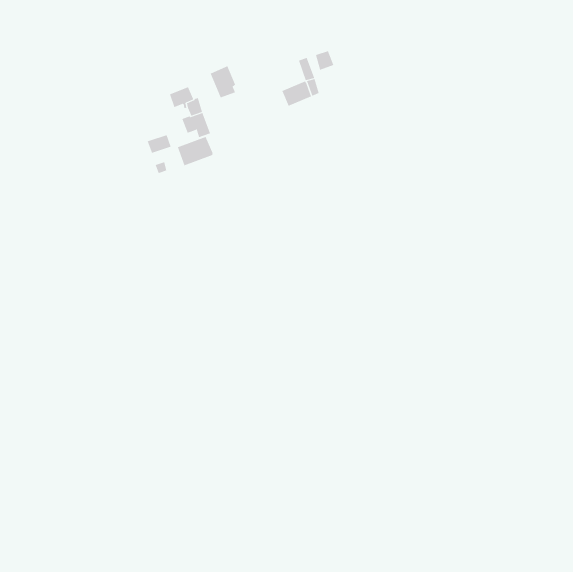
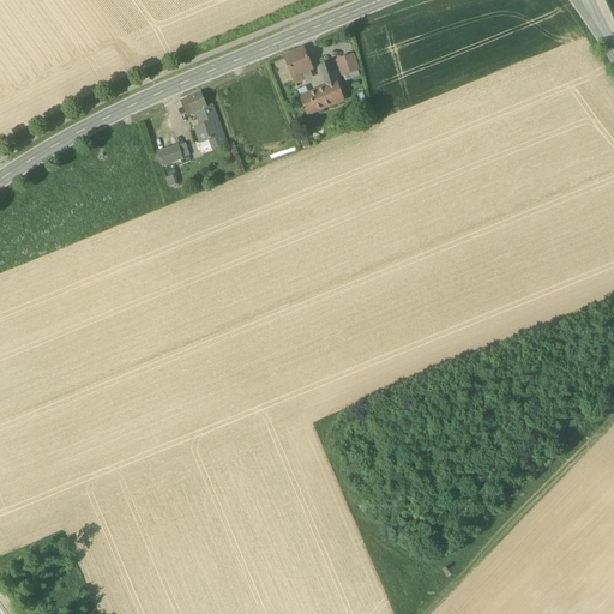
building: [210,66,236,98] -> [284,48,312,83]
building: [177,136,214,166] -> none

